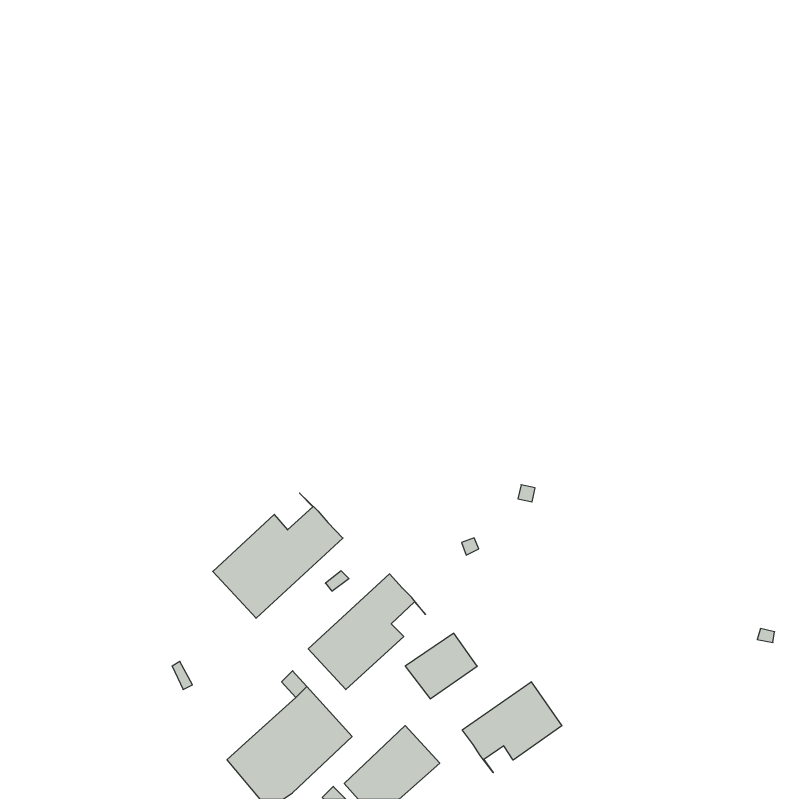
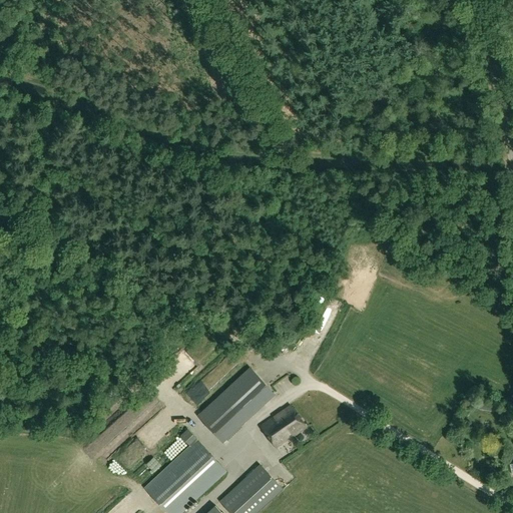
building: [213,493,343,618] -> none
building: [462,682,562,773] -> none

